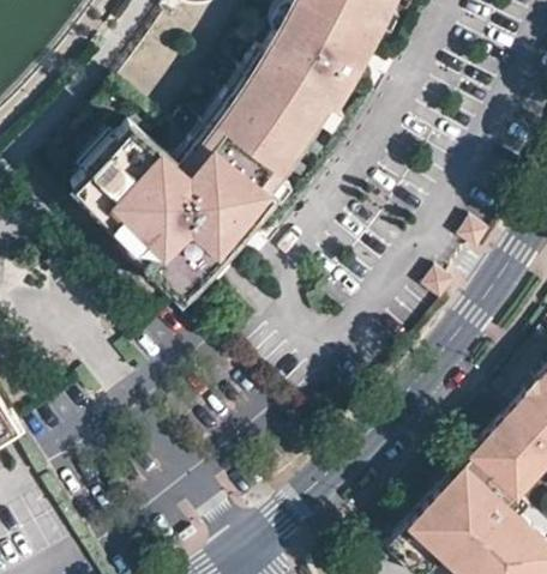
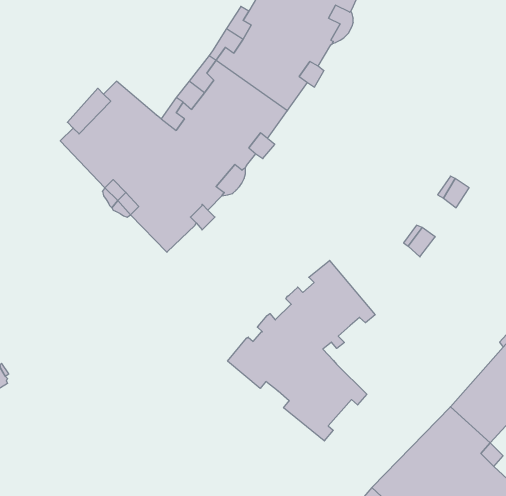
building: none -> [228,260,375,441]

